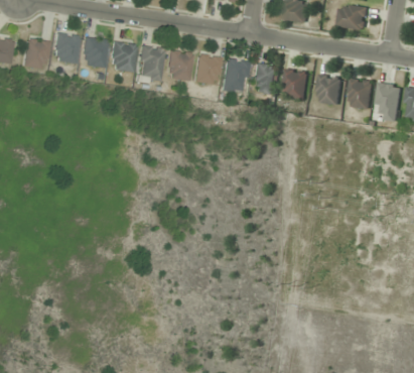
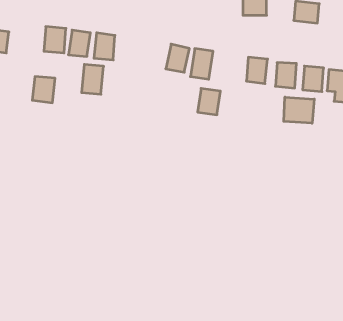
building: [21,39,47,70] -> [32,77,55,103]
building: [136,46,161,81] -> [82,64,104,94]
building: [164,49,190,81] -> none
building: [250,64,276,94] -> [198,88,220,115]
building: none -> [284,97,314,123]

